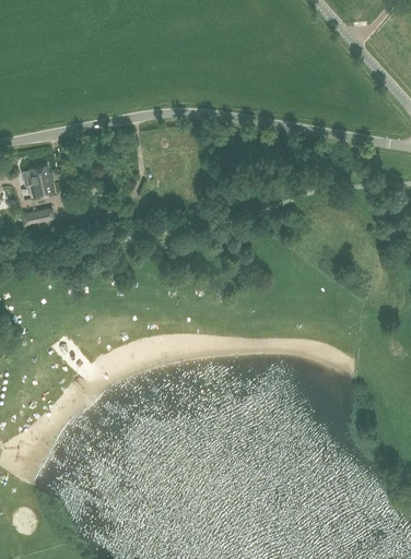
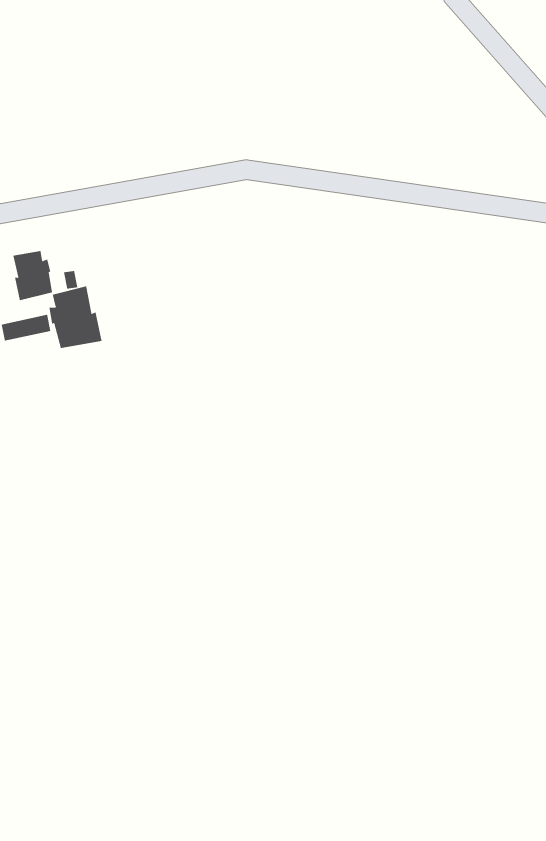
building: none -> [49,285,102,349]

